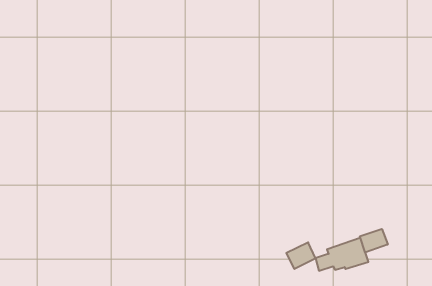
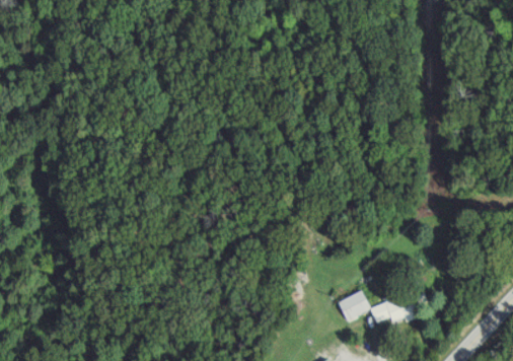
building: [360,229,388,252] -> none

